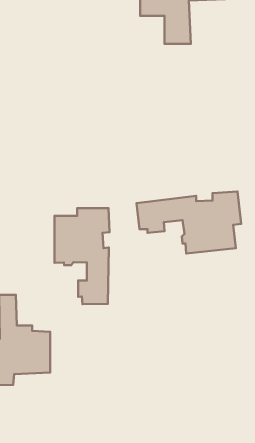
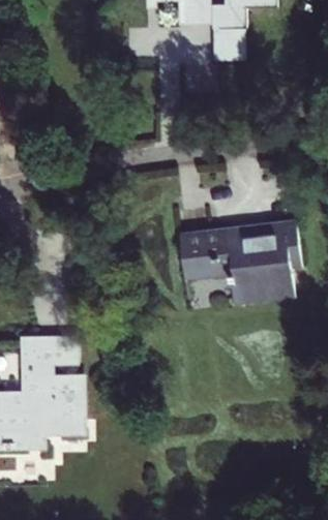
building: [54,208,110,304] -> none
building: none -> [41,337,78,378]

